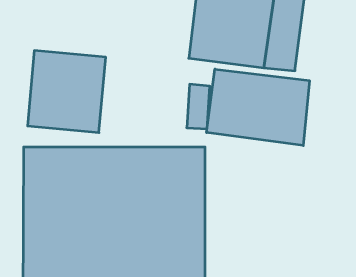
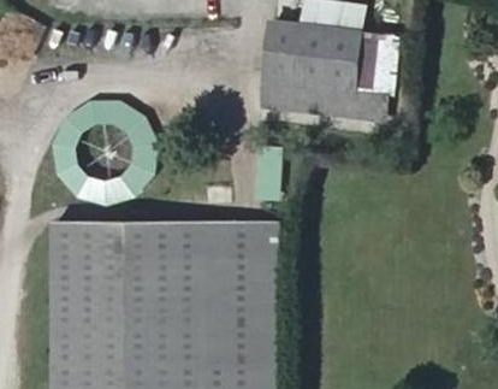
building: [207,69,309,146] -> none

